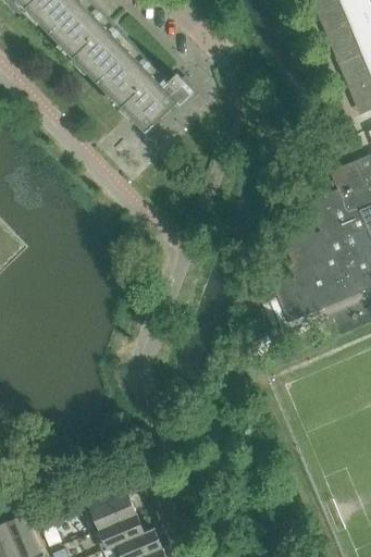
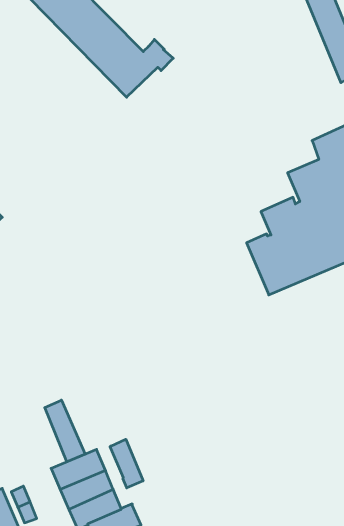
building: none -> [45,400,85,462]
building: none -> [110,439,143,488]

